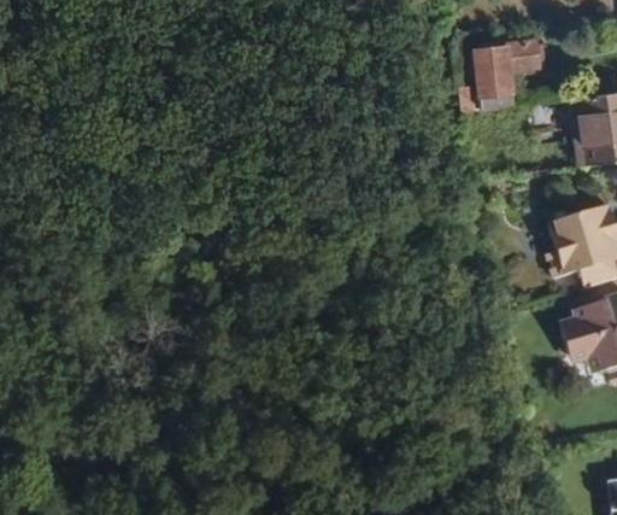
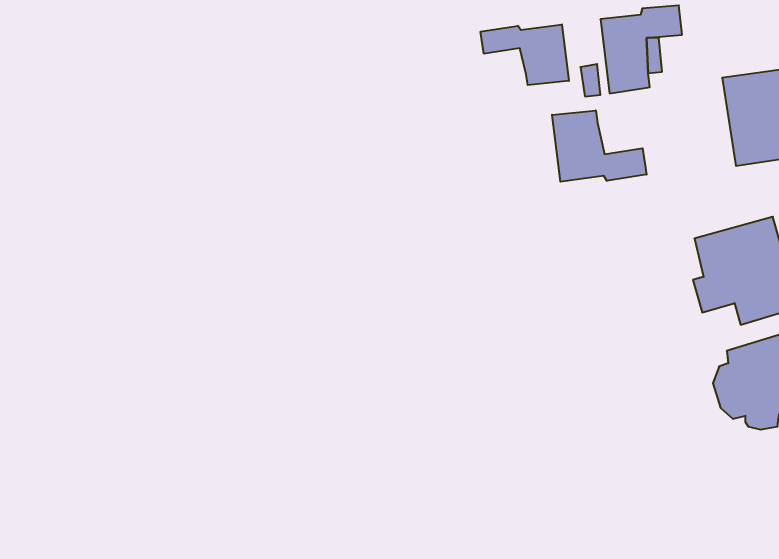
building: none -> [481,24,569,85]
building: none -> [552,110,647,182]

